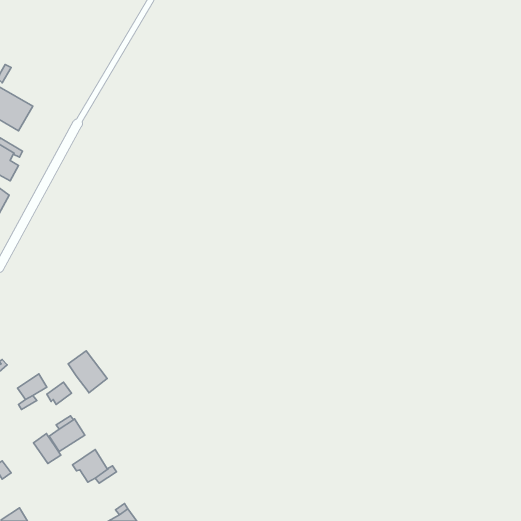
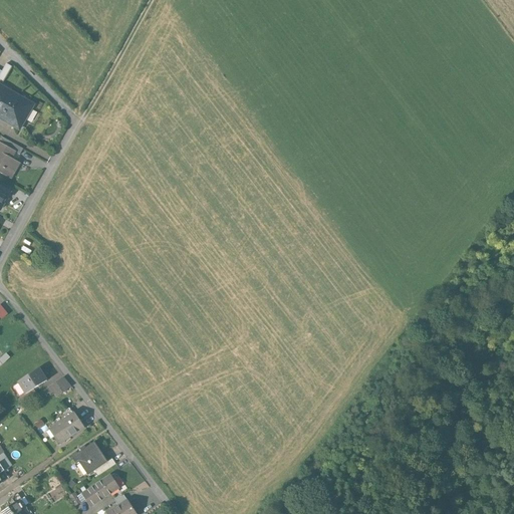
building: [68,351,107,393] -> none
building: [34,434,61,464] -> none
building: none -> [80,475,118,507]

